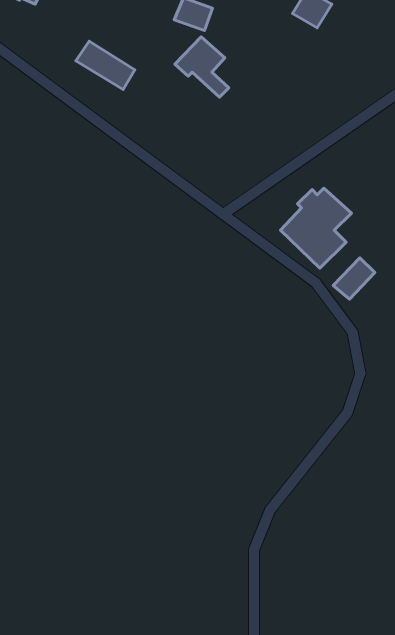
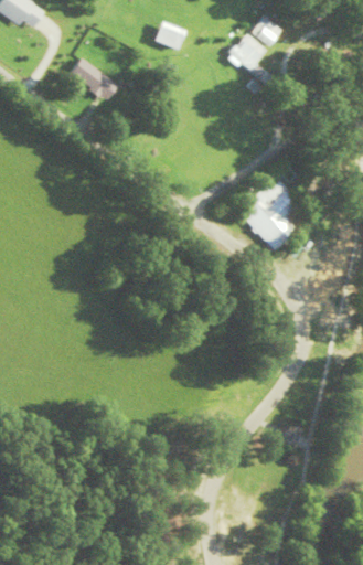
building: [175,37,229,97] -> [225,33,270,84]
building: [333,258,375,299] -> none

